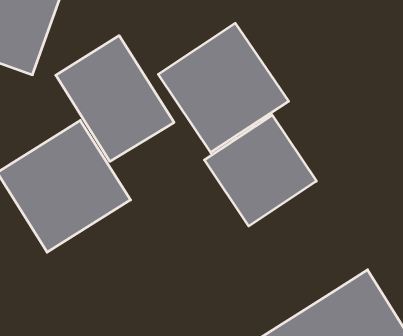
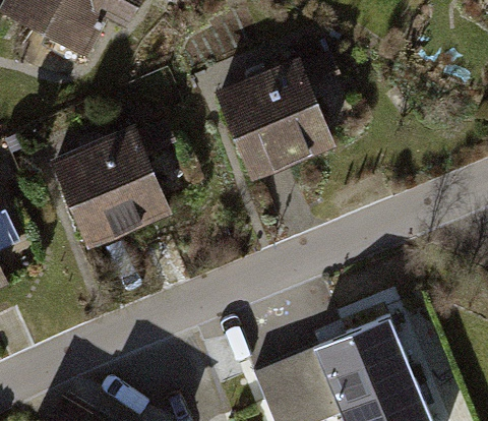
building: [56,36,174,161] -> none
building: [204,115,316,226] -> none

